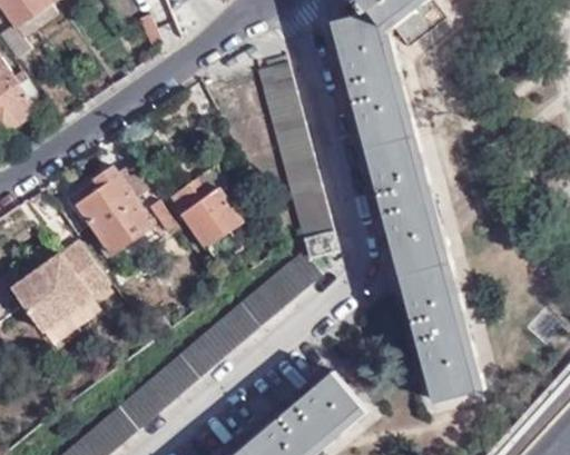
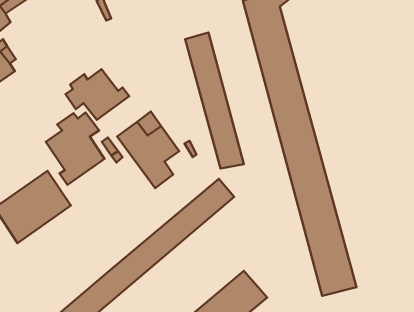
building: none -> [66,69,129,120]

